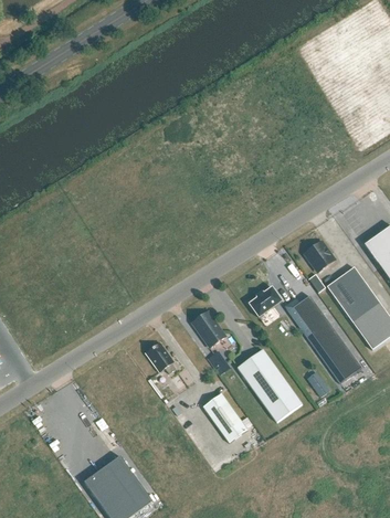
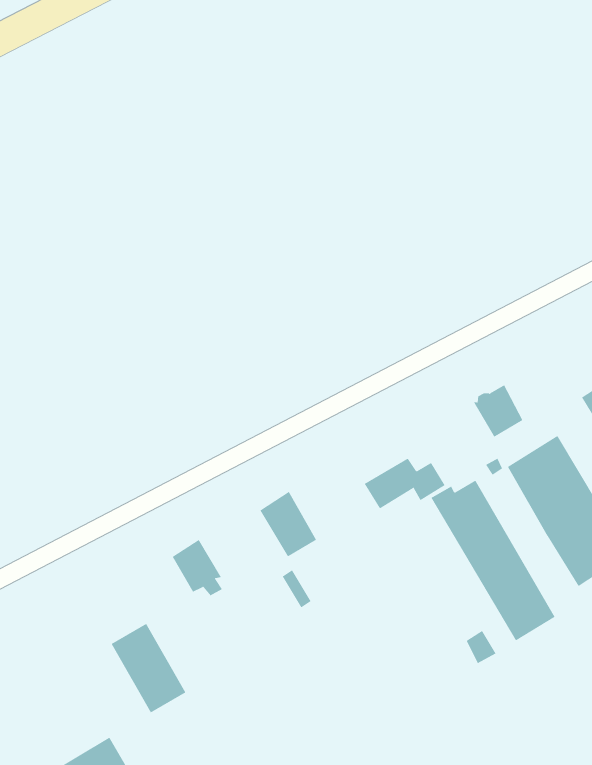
building: [238,348,302,421] -> none
building: [203,392,247,442] -> [111,623,186,713]

